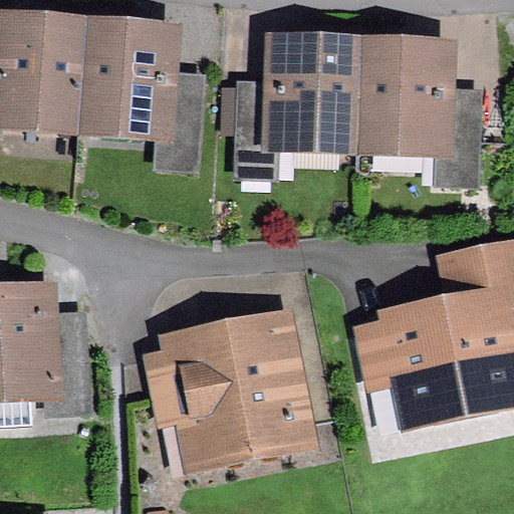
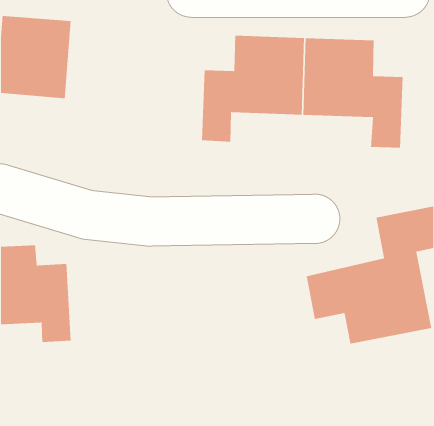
building: [77,24,200,161] -> none
building: [151,323,297,449] -> none

